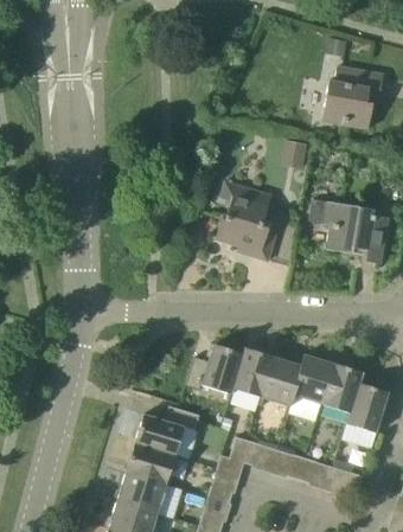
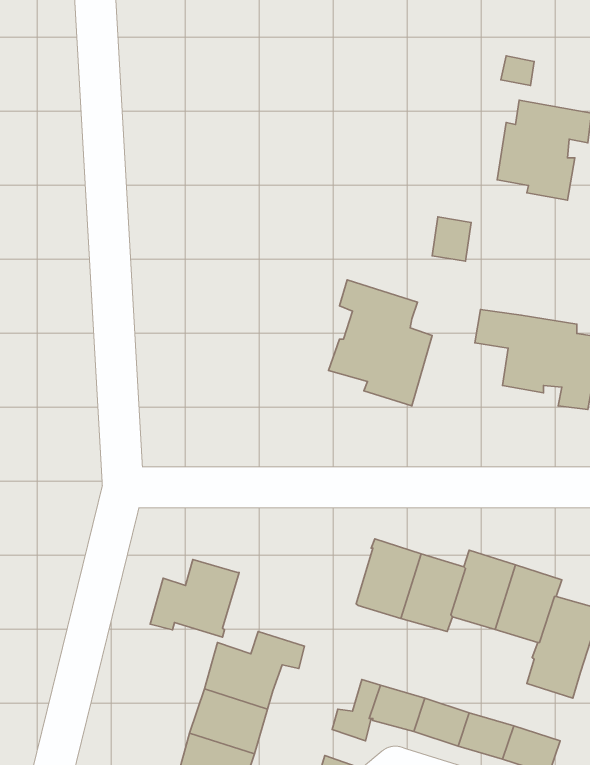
building: [187,345,244,395] -> [150,560,239,637]

